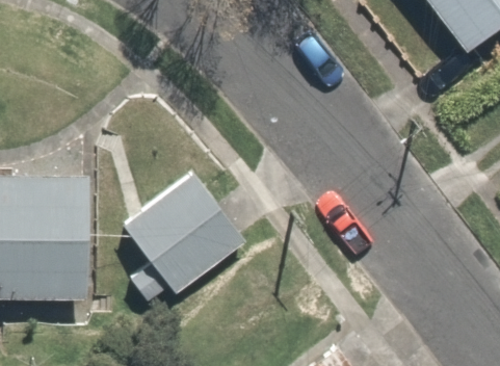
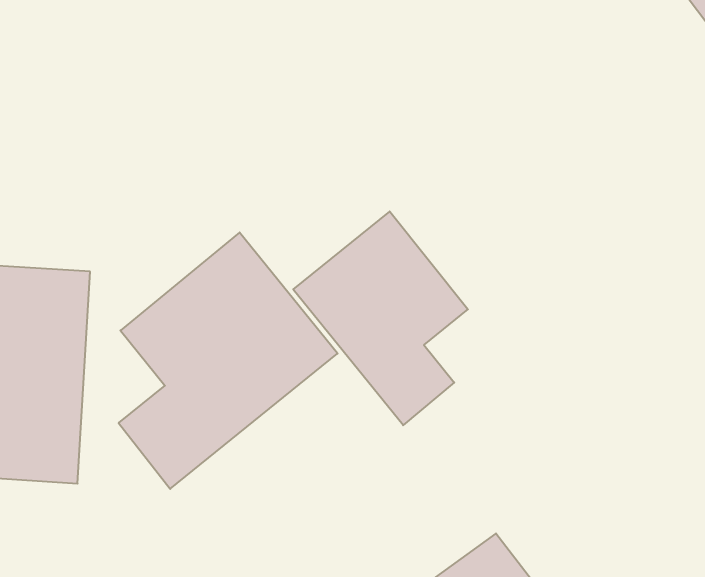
building: none -> [293,211,468,425]

